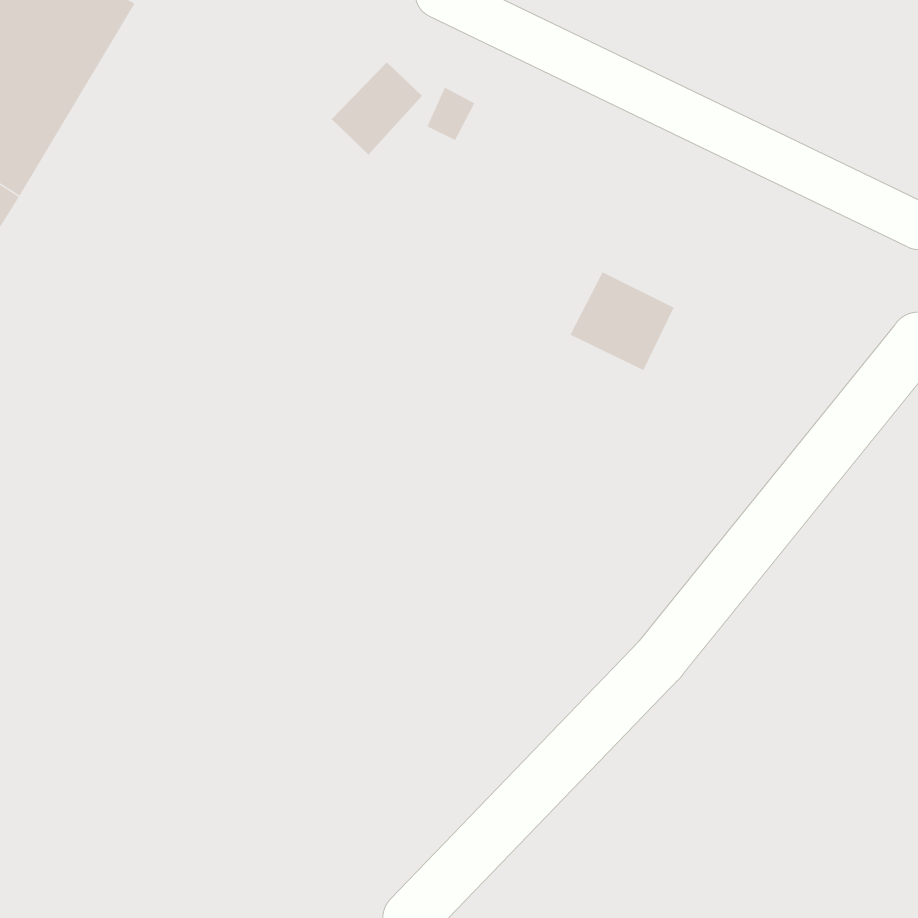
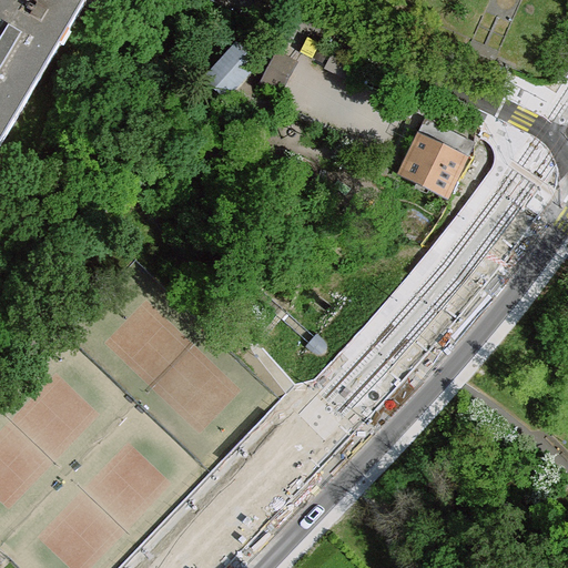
building: [570,271,674,371] -> [398,134,463,195]

